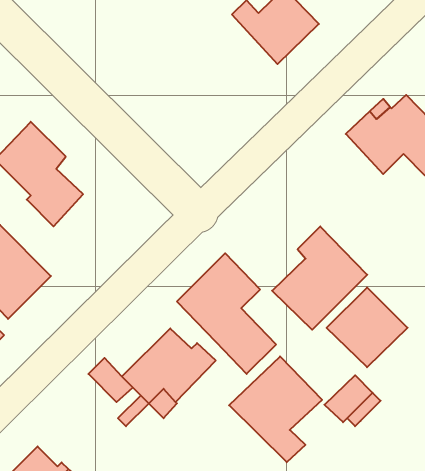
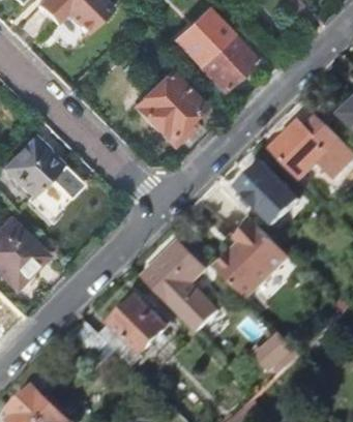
building: none -> [129,68,200,140]
building: none -> [240,160,298,219]
building: [327,287,408,367] -> none
building: [229,356,322,462] -> none

